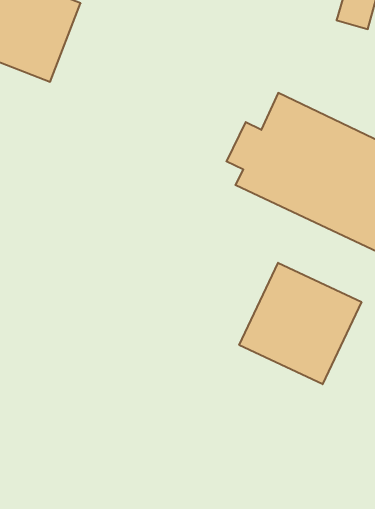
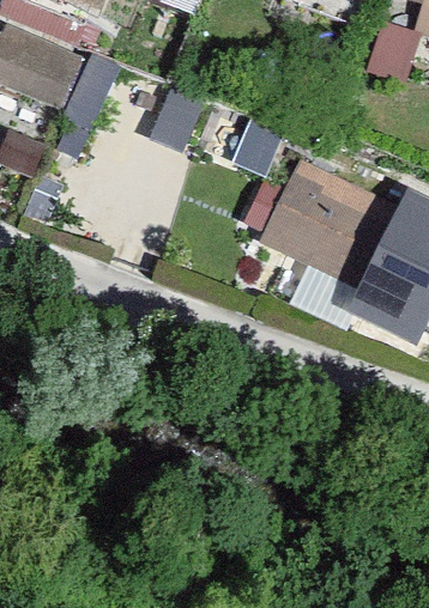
building: [239,263,361,384] -> none

